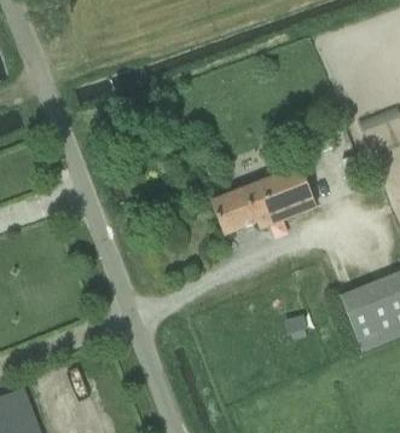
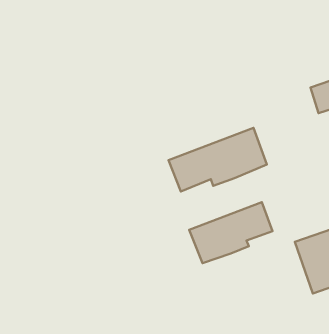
building: none -> [189,202,273,263]

